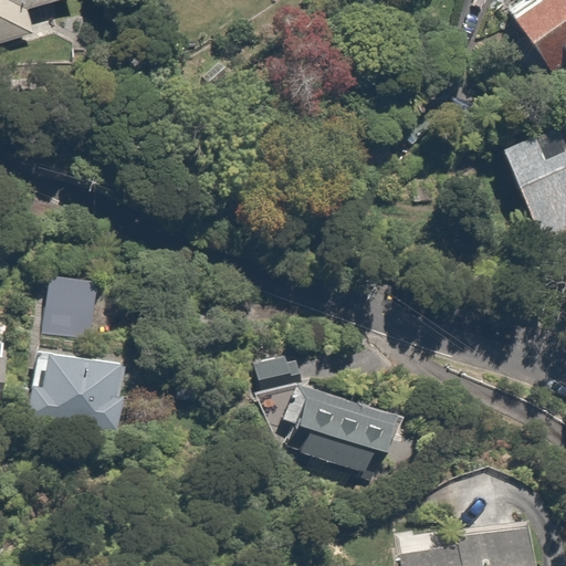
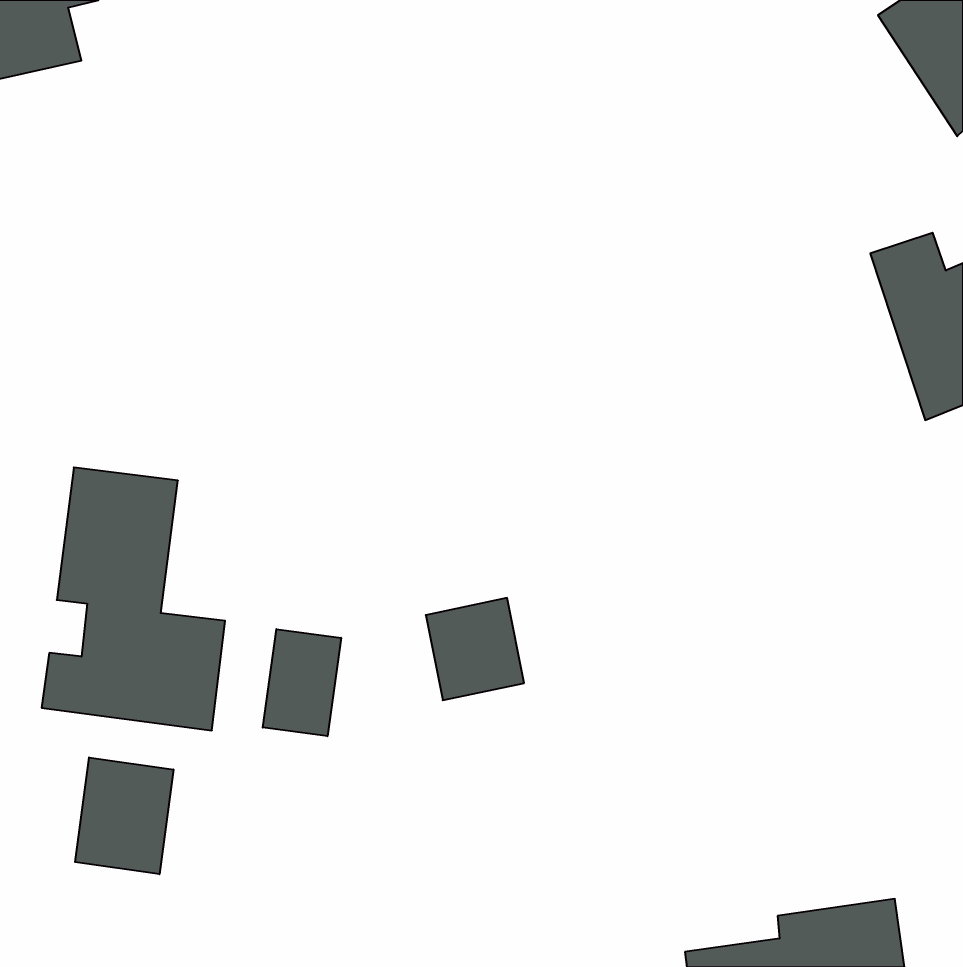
building: none -> [263,629,341,736]
building: [293,390,412,478] -> none
building: none -> [75,757,173,874]

